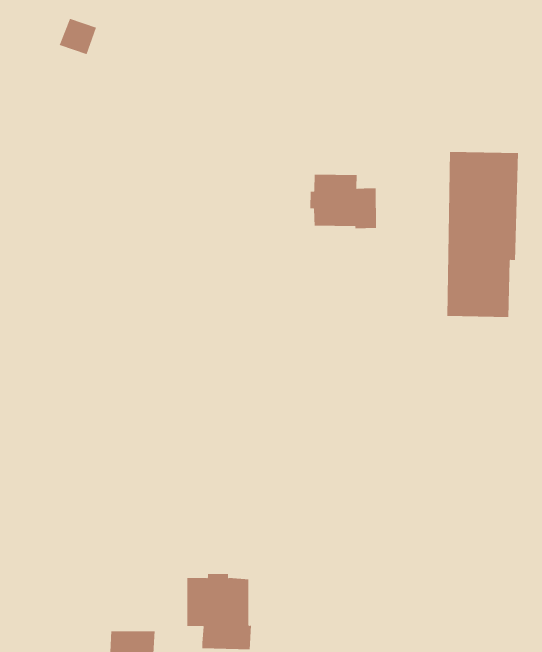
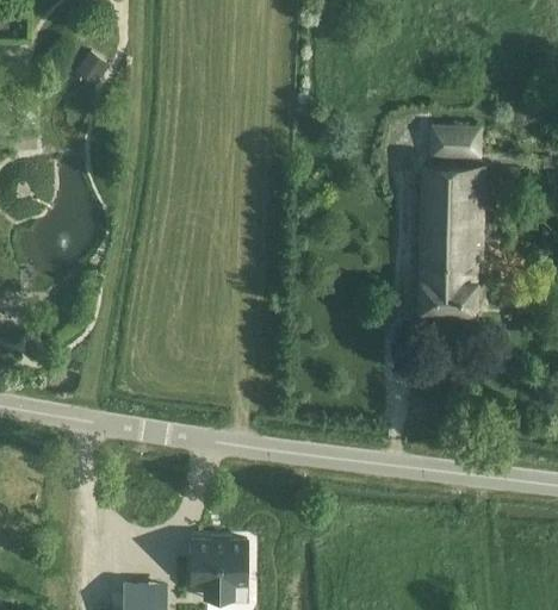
building: none -> [427,127,480,162]
building: [310,174,376,229] -> none

